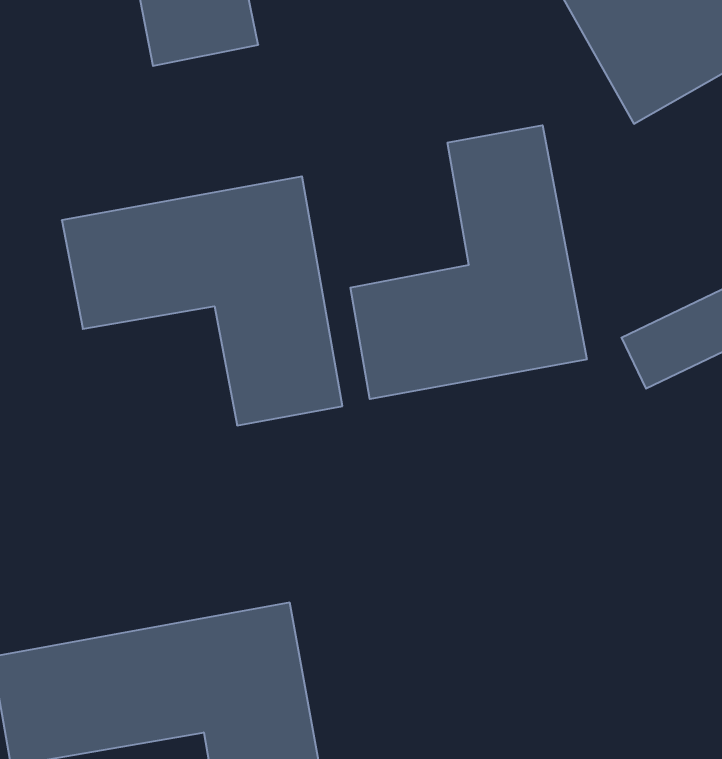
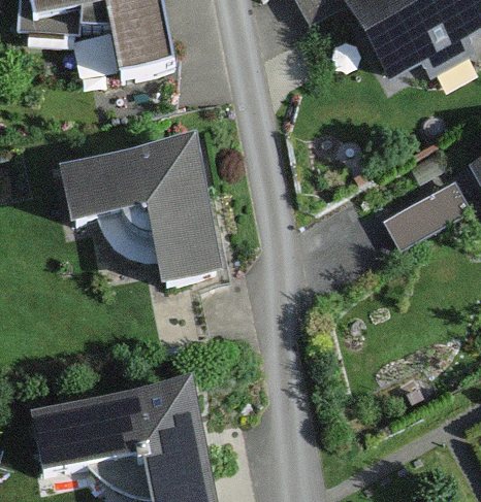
building: [350,125,587,399] -> none

